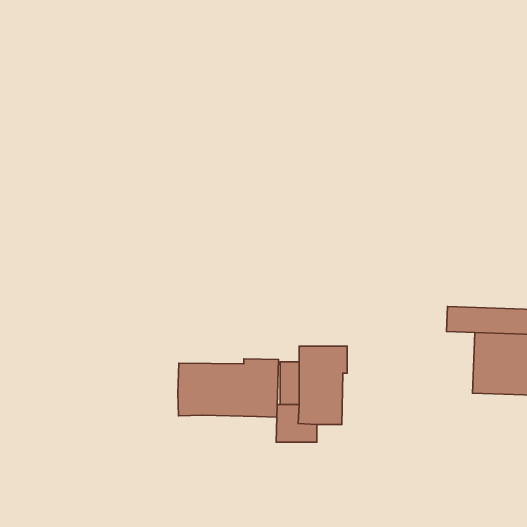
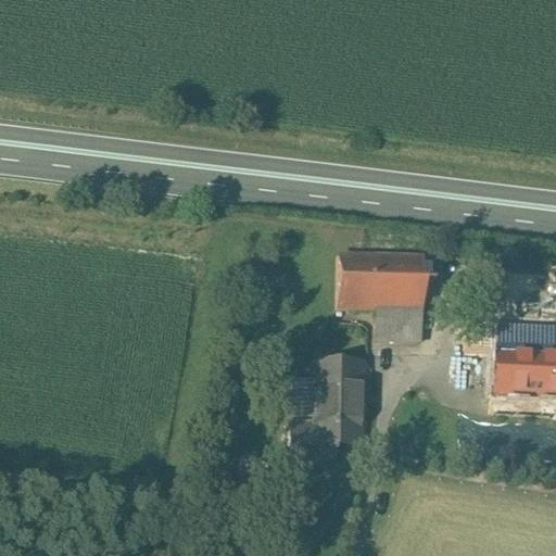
building: none -> [342,250,428,337]
building: [178,359,278,417] -> none

